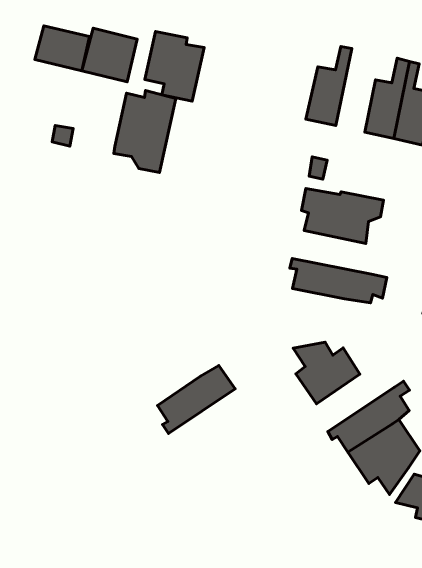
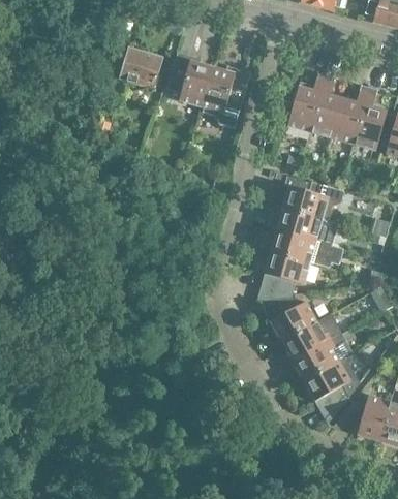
building: [35,26,89,71] -> none
building: none -> [310,73,342,137]
building: [114,91,176,173] -> [201,65,250,128]
building: none -> [271,210,337,246]
building: none -> [263,253,309,299]
building: [157,365,235,434] -> [283,314,343,364]

